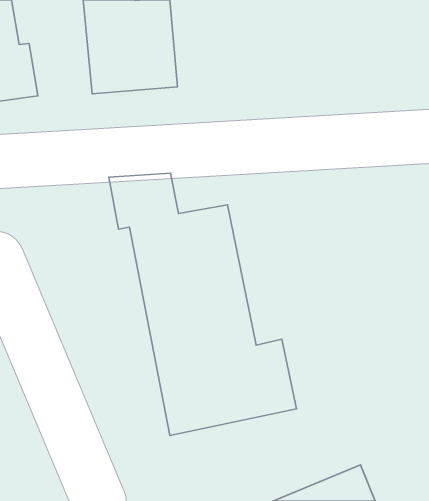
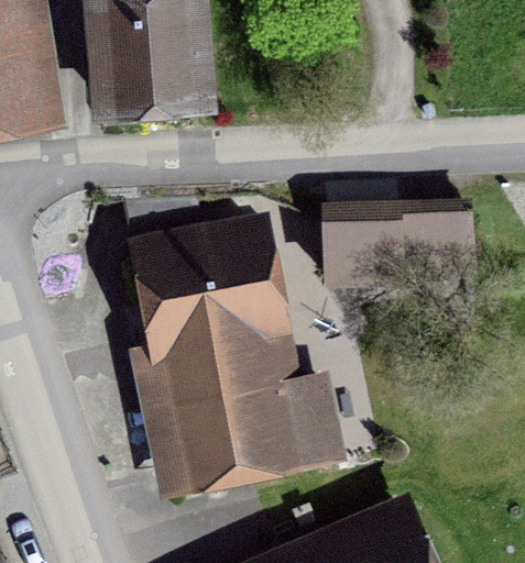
building: none -> [326,214,471,278]

